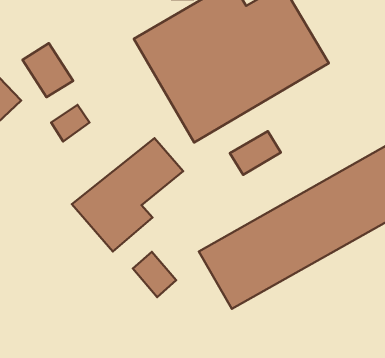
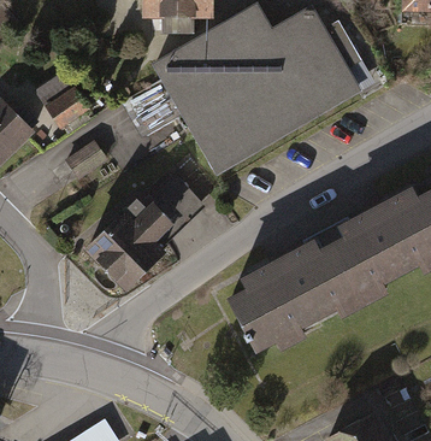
building: [230,131,281,175] -> none
building: [133,252,176,297] -> none

